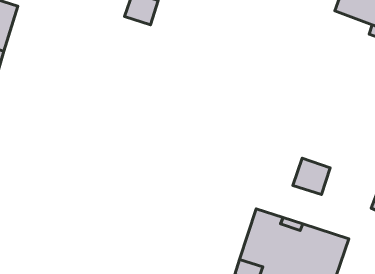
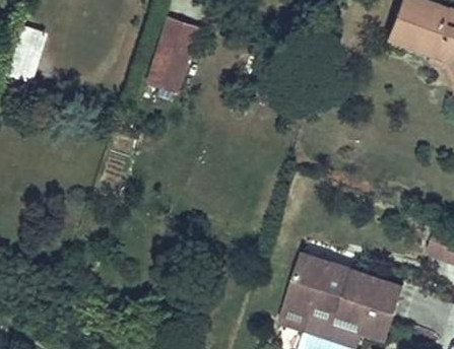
building: none -> [148,43,189,89]
building: [293,158,330,194] -> none

